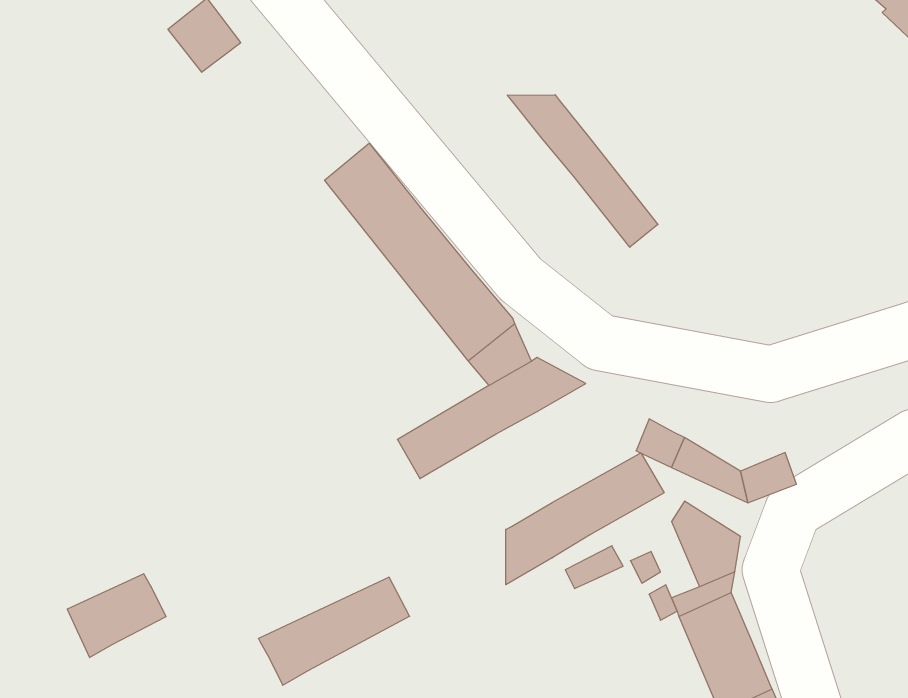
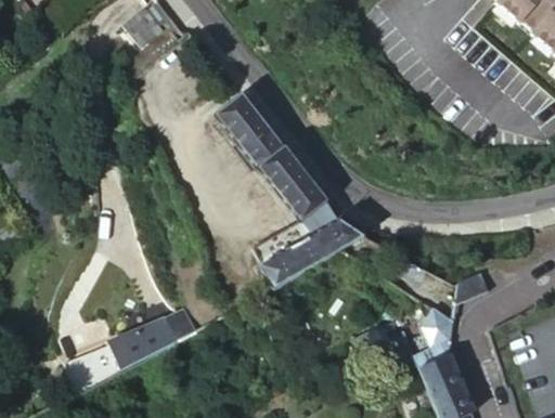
building: [507,95,658,247] -> none
building: [506,453,664,585] -> none
building: [258,577,410,685] -> [108,305,196,368]

